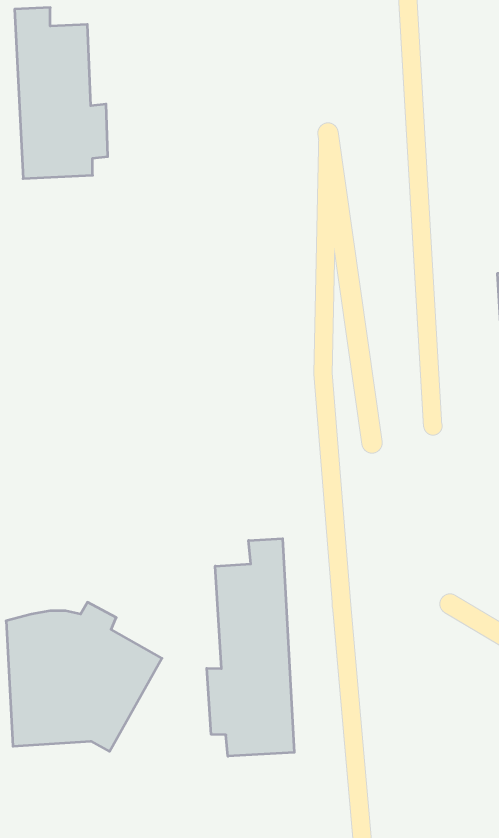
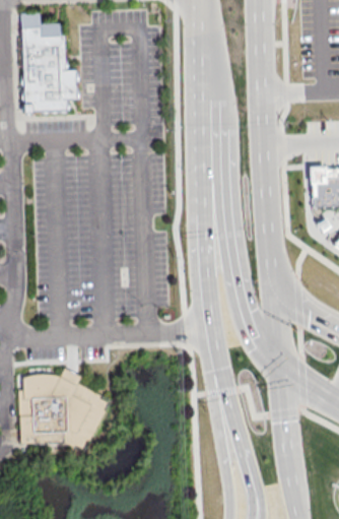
building: [207,539,294,756] -> none

